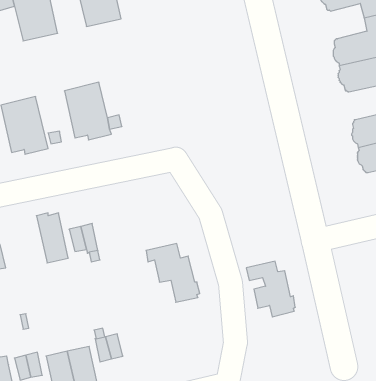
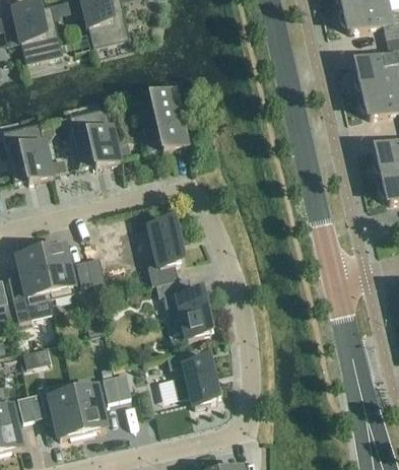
building: none -> [136,90,186,150]
building: none -> [145,218,182,283]
building: none -> [7,247,54,320]
building: [246,261,295,317] -> [167,347,218,406]

